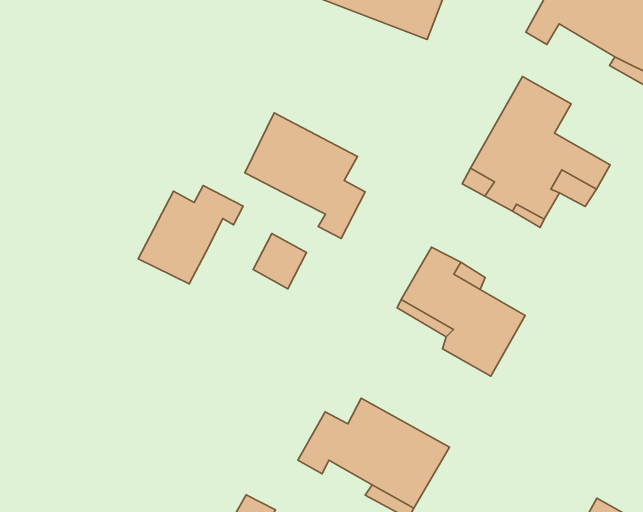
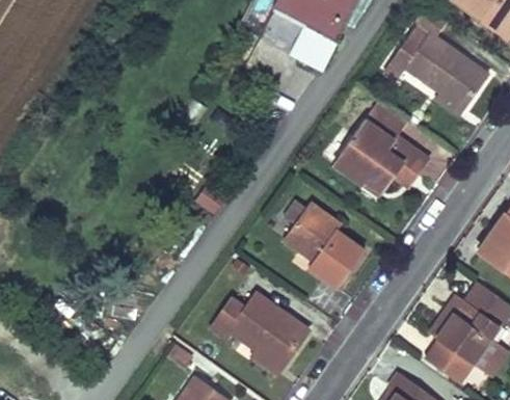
building: [245,113,365,239] -> none
building: [138,186,243,284] -> none

